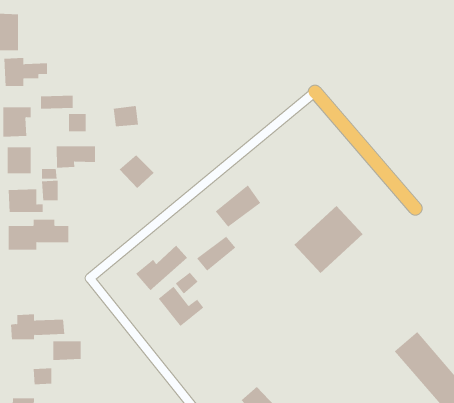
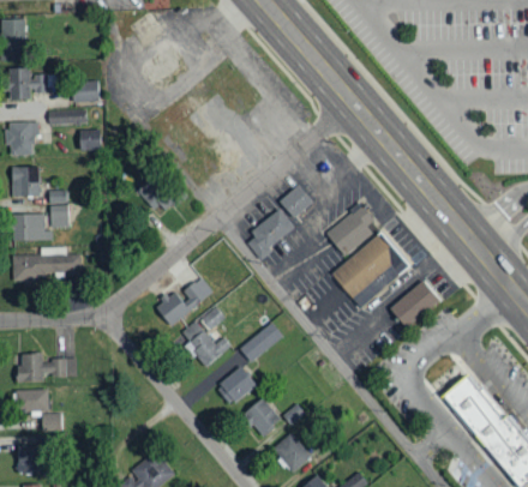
building: [113,105,139,127] -> [72,79,101,103]
building: [56,145,96,168] -> none
building: none -> [278,185,313,217]
building: none -> [326,206,374,255]
building: [196,236,236,271] -> [239,323,283,362]
building: none -> [390,279,440,329]
building: none -> [216,366,257,404]
building: [52,341,81,360] -> [16,390,48,411]
building: none -> [244,397,282,435]

